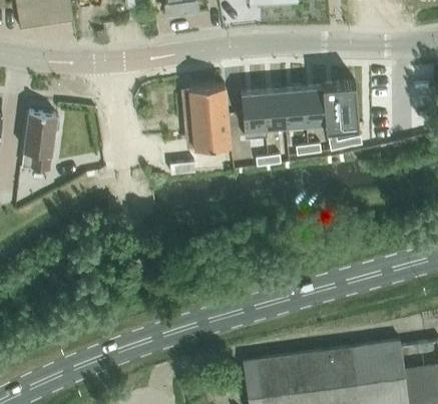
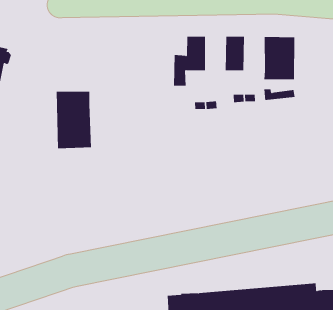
building: [304,84,327,121] -> none
building: [188,86,231,149] -> [56,91,92,149]
building: [263,87,286,124] -> none

